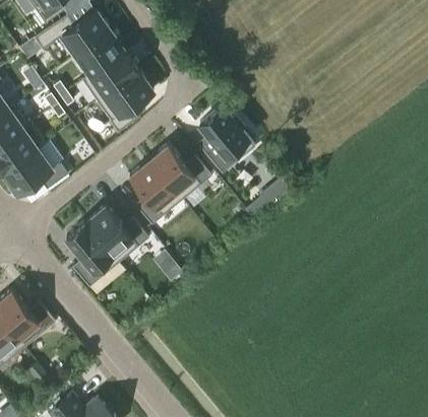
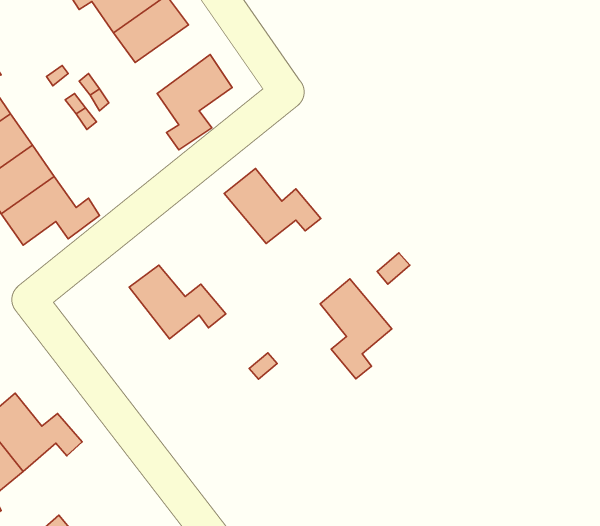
building: [90,52,139,96] -> none
building: [199,108,248,175] -> none
building: [129,161,176,226] -> [320,279,392,379]
building: [66,222,113,288] -> none

